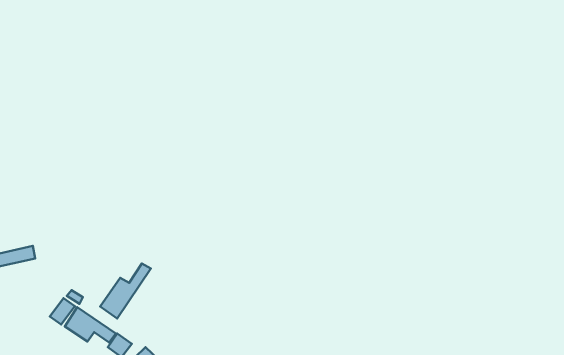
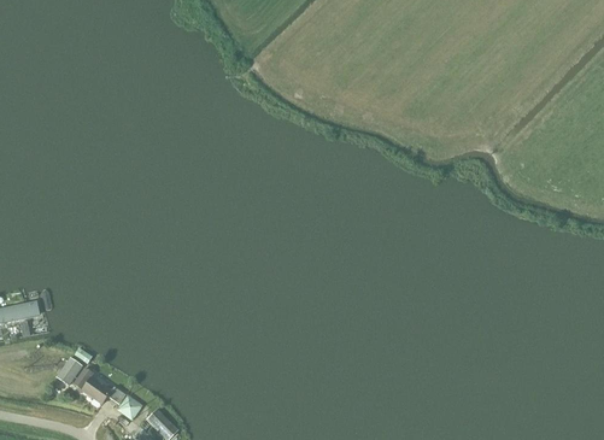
building: [100,264,151,319] -> none

